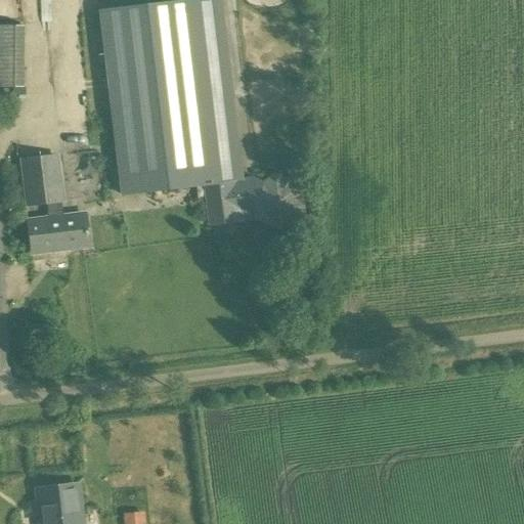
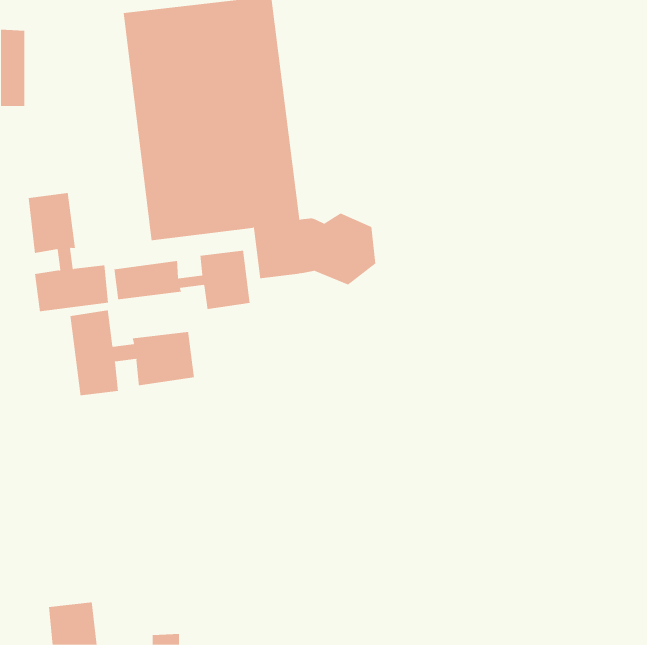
building: none -> [114,250,250,310]
building: none -> [70,310,194,396]

